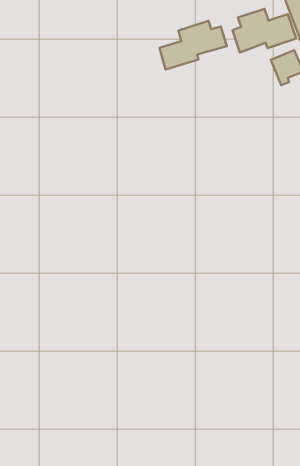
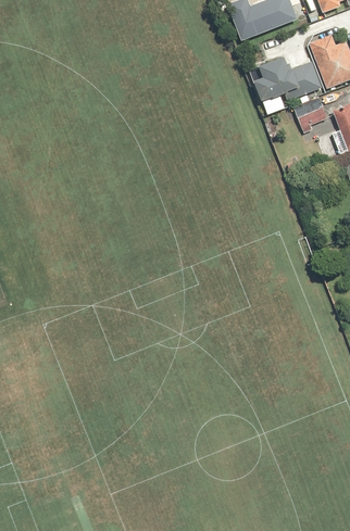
building: [159,21,227,70] -> none

